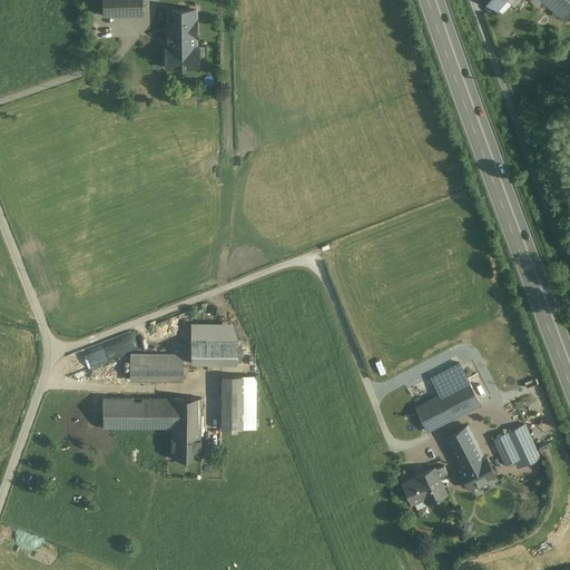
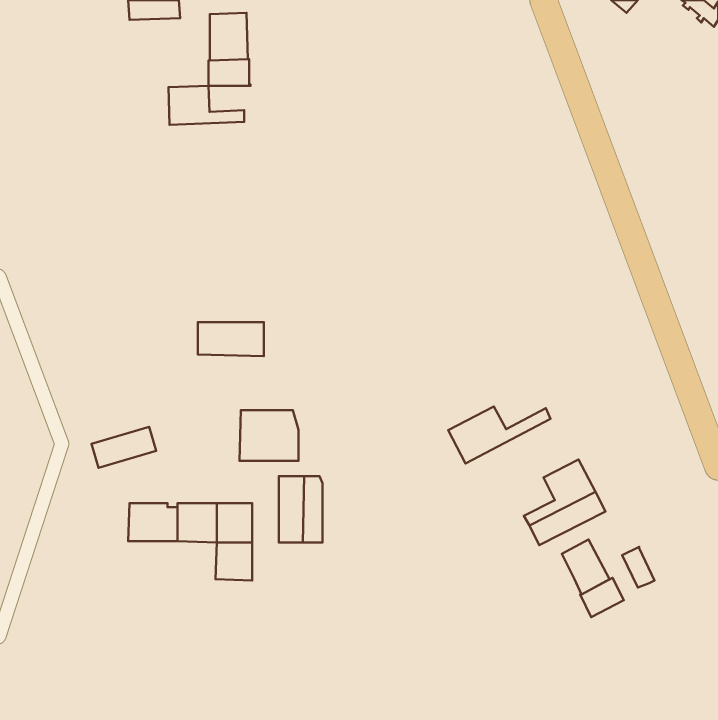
building: none -> [169,86,244,125]
building: none -> [448,406,551,464]
building: [129,354,181,381] -> [198,322,264,356]
building: [505,425,539,468] -> none
building: [403,465,446,502] -> none

